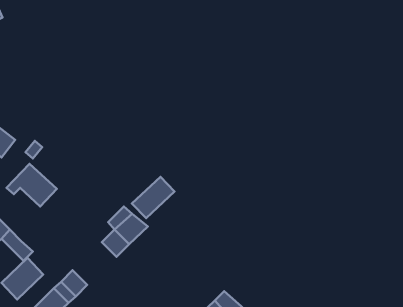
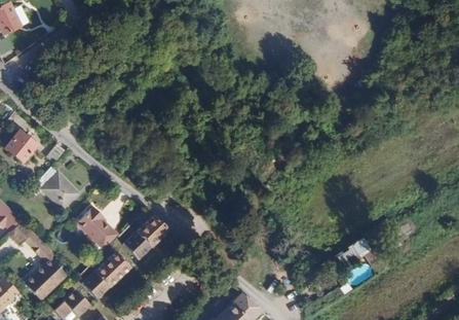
building: [132,177,175,218] -> none
building: none -> [76,206,117,248]
building: none -> [93,251,129,286]

